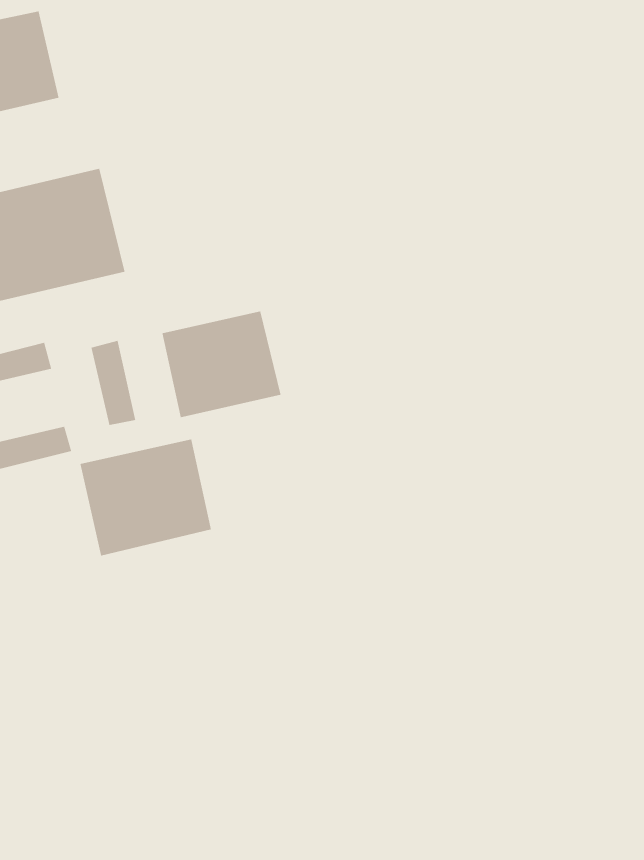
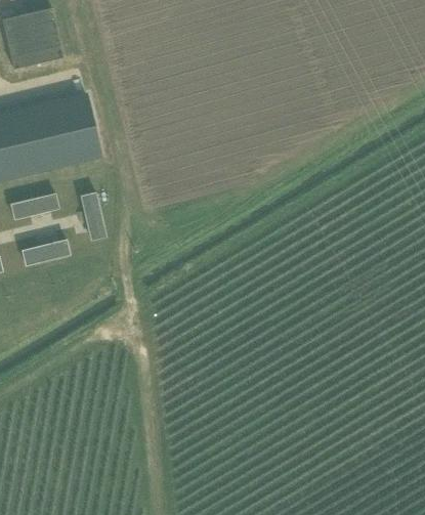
building: [161,311,282,418] -> none
building: [79,438,212,557] -> none

